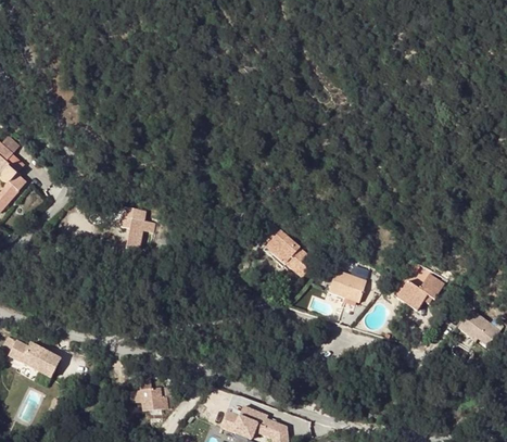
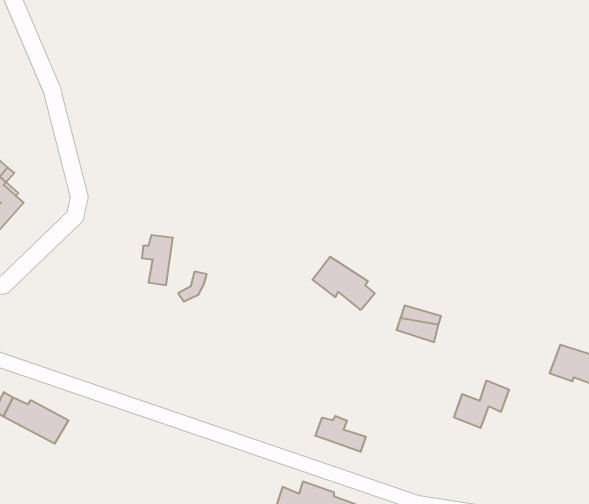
building: [398,269,443,307] -> [454,381,509,428]
building: none -> [315,416,366,452]
building: [132,388,168,414] -> none

